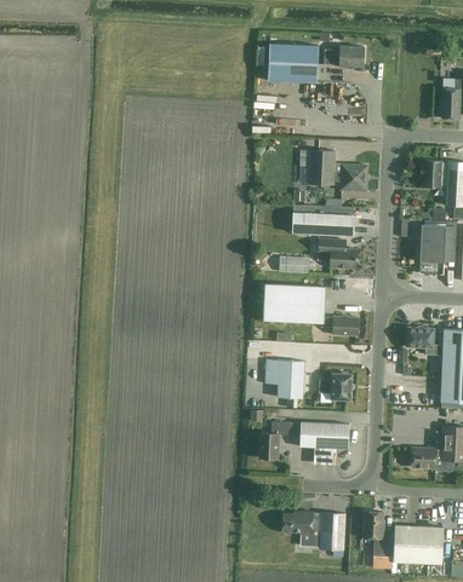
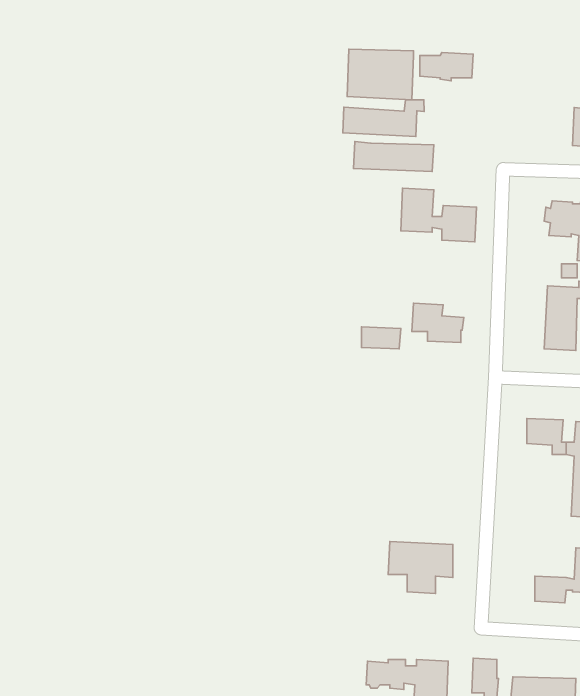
building: none -> [343,100,424,137]
building: [292,212,354,235] -> [353,142,434,172]
building: [263,283,358,335] -> none
building: [264,359,304,398] -> none
building: [319,371,351,399] -> none
building: [259,421,290,459] -> none

